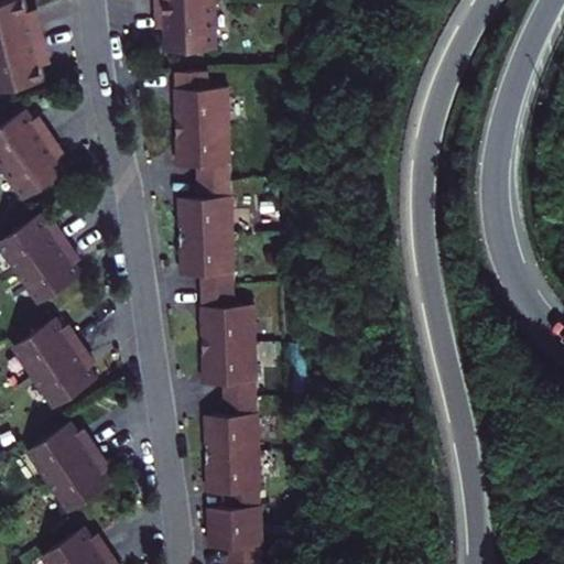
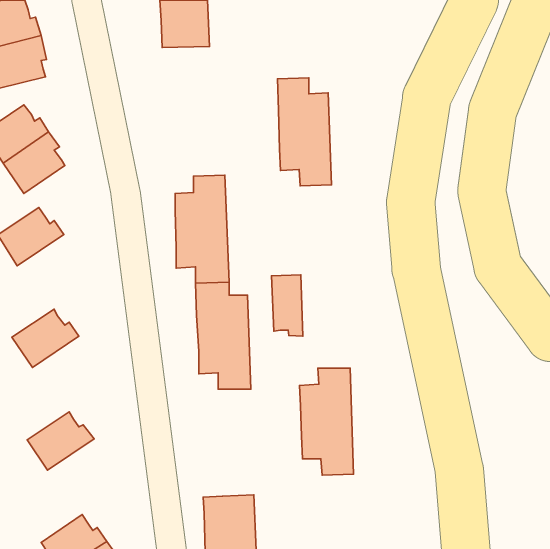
building: [174,73,229,183] -> [277,78,331,186]
building: [18,242,82,305] -> none
building: none -> [272,275,303,336]
building: [33,346,97,410] -> none
building: [204,400,259,509] -> [299,368,353,475]
building: [48,451,111,513] -> none

